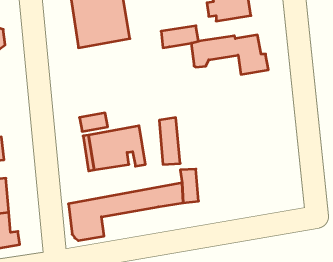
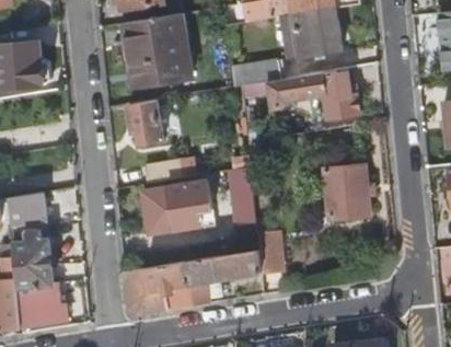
building: none -> [105,99,164,144]
building: none -> [322,164,369,218]
building: none -> [161,276,233,311]

